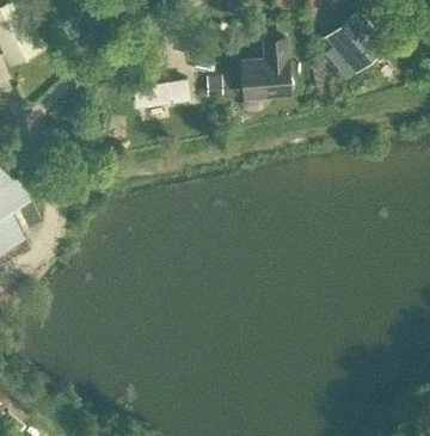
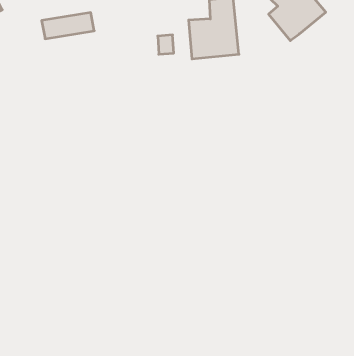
building: [134,81,189,109] -> [42,13,94,39]

